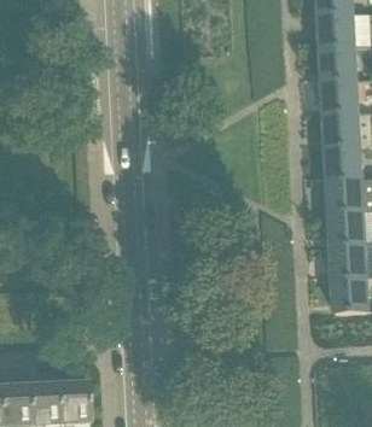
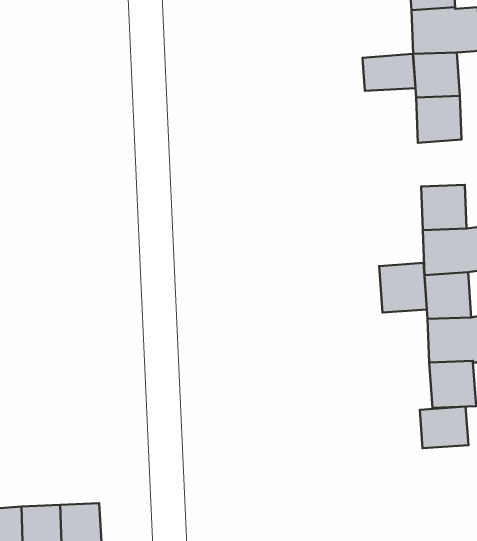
building: none -> [362,54,416,91]
building: [322,111,358,146] -> none
building: none -> [379,263,427,313]
building: none -> [420,407,468,448]

